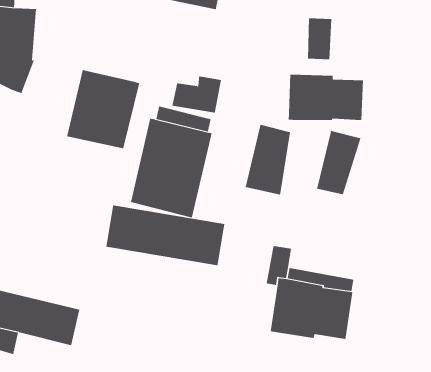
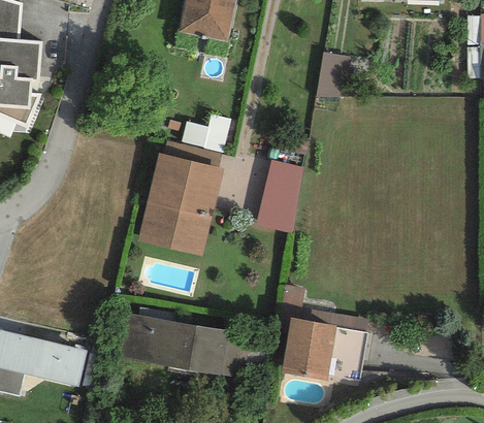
building: [66,69,140,149] -> none
building: [288,74,364,121] -> none
building: [317,130,361,195] -> none
building: [106,205,225,266] -> [119,314,241,377]

